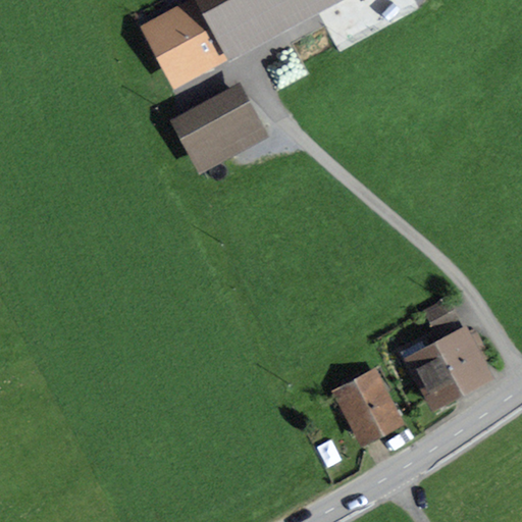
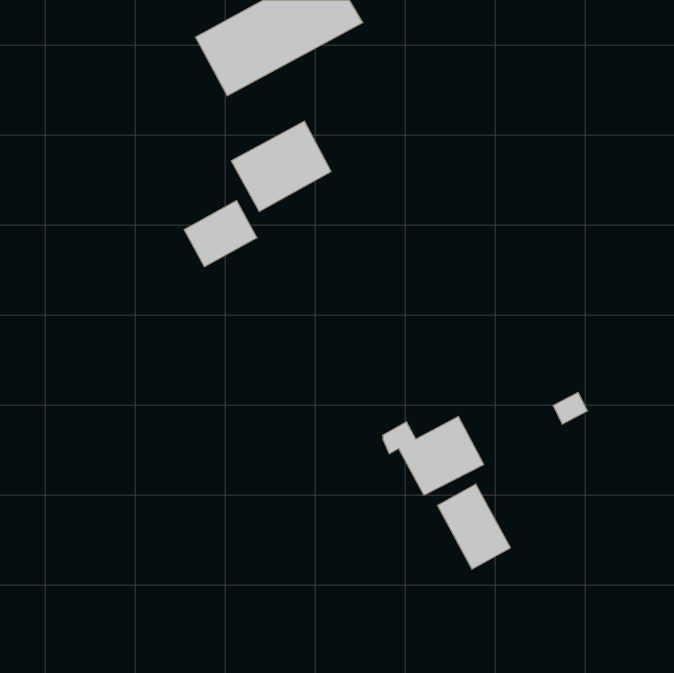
building: none -> [184,201,257,267]
building: [400,342,477,402] -> [383,417,484,495]

